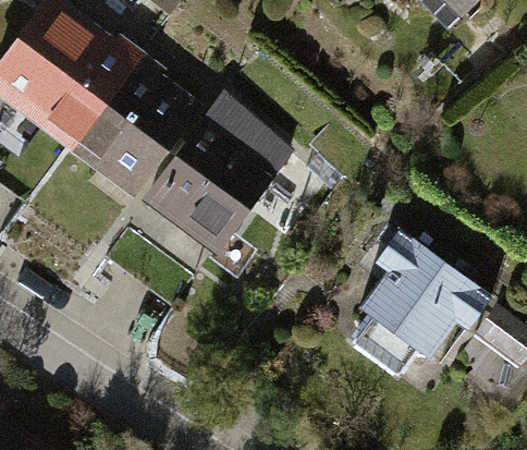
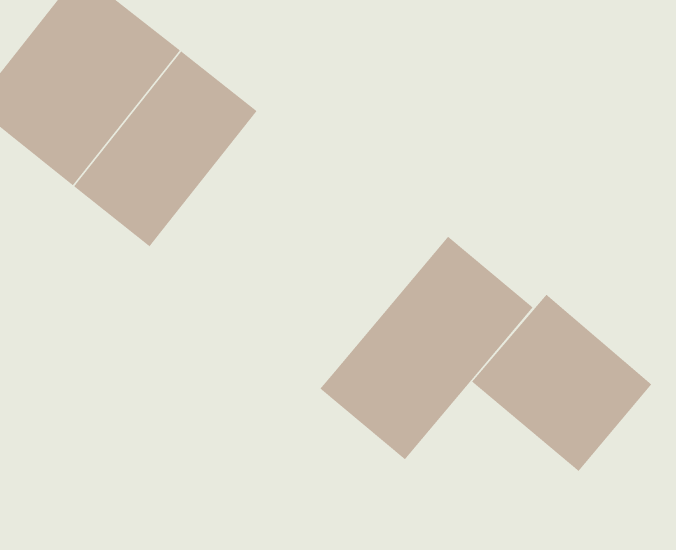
building: [139,90,298,254] -> none
building: none -> [320,236,534,460]

